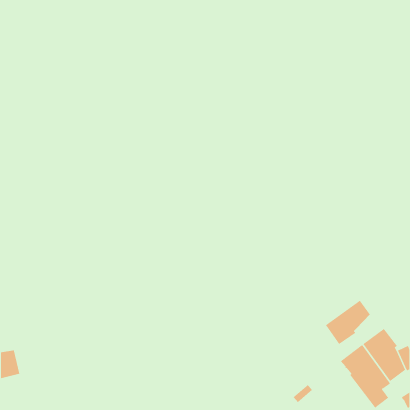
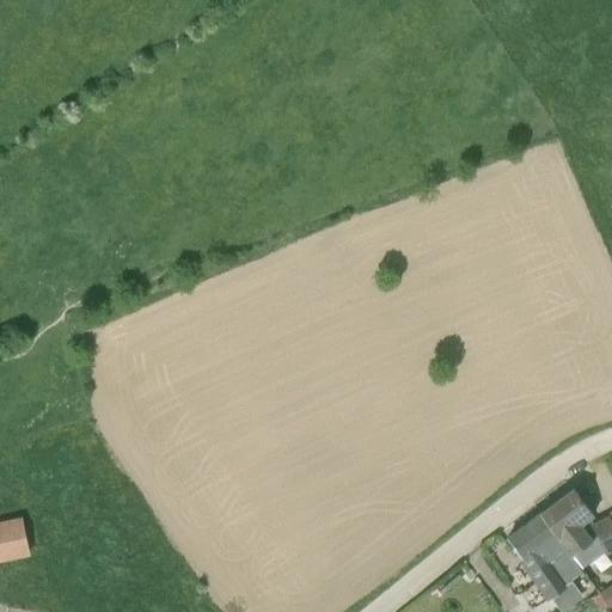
building: [325,300,370,345] -> none

